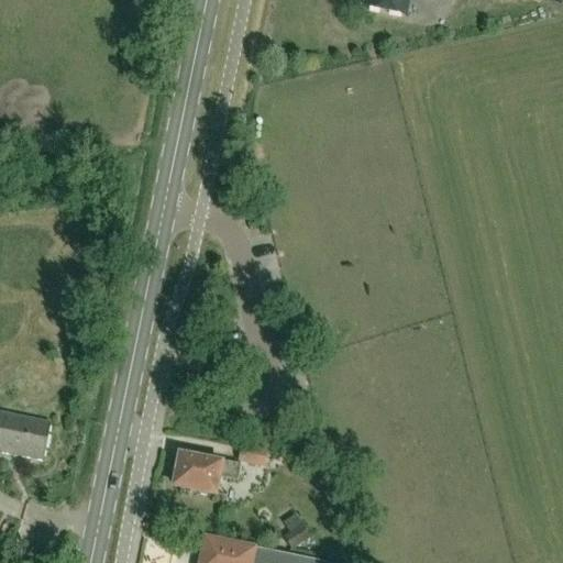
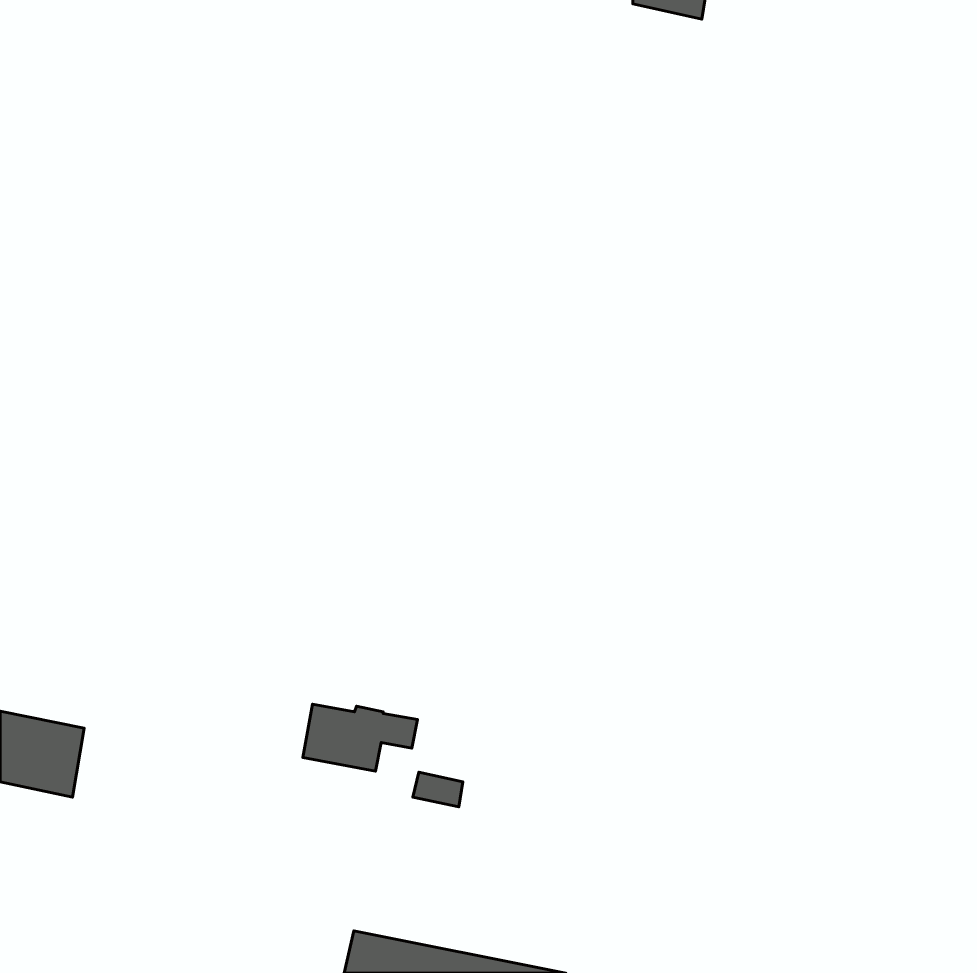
building: [174,453,240,492] -> [303,704,418,771]

